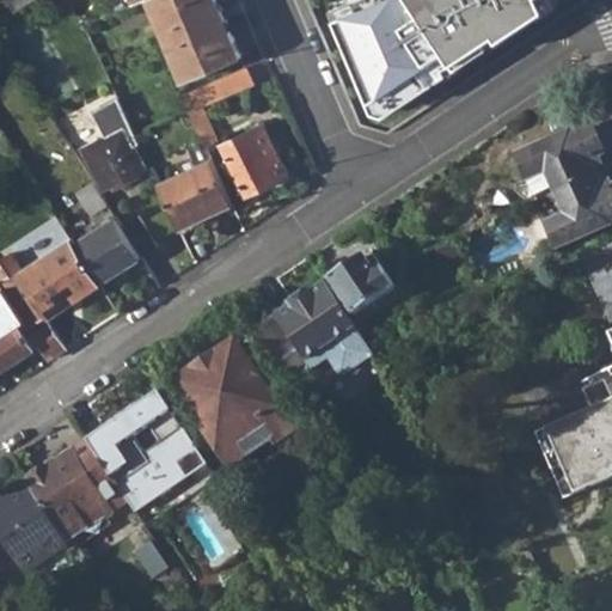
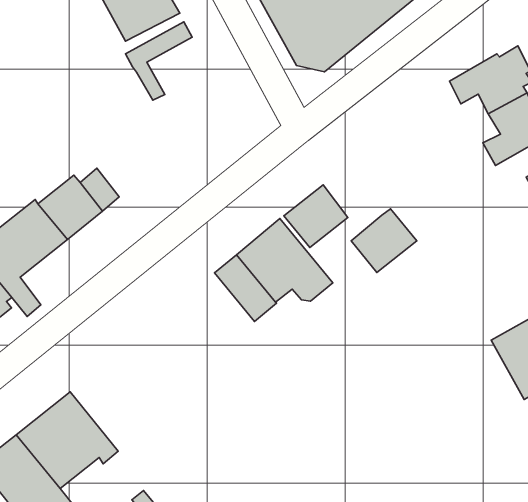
building: [79,94,142,187] -> none
building: [220,121,286,190] -> none
building: [154,155,228,231] -> none
building: none -> [351,209,417,273]
building: [173,341,288,463] -> none
building: [85,390,201,520] -> none

